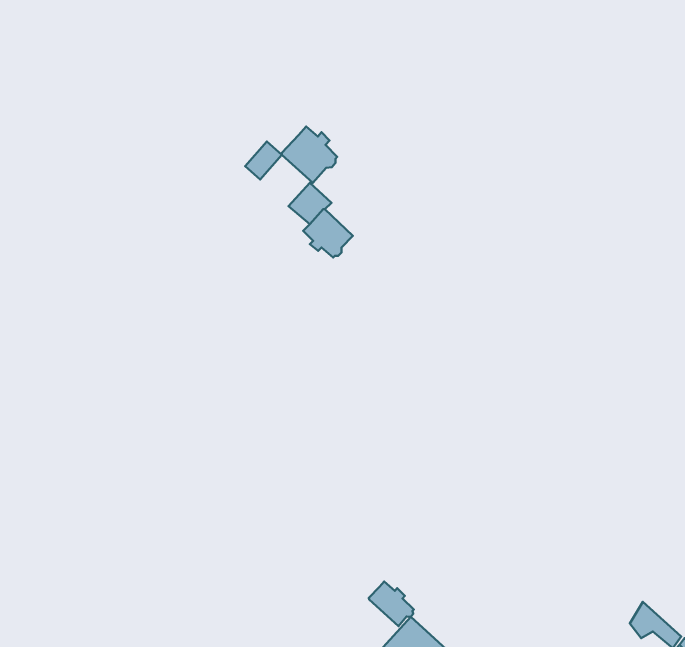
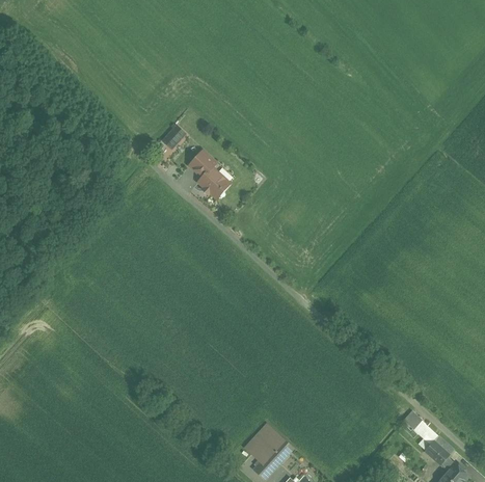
building: [282,126,337,183] -> none
building: [369,581,414,626] -> none

